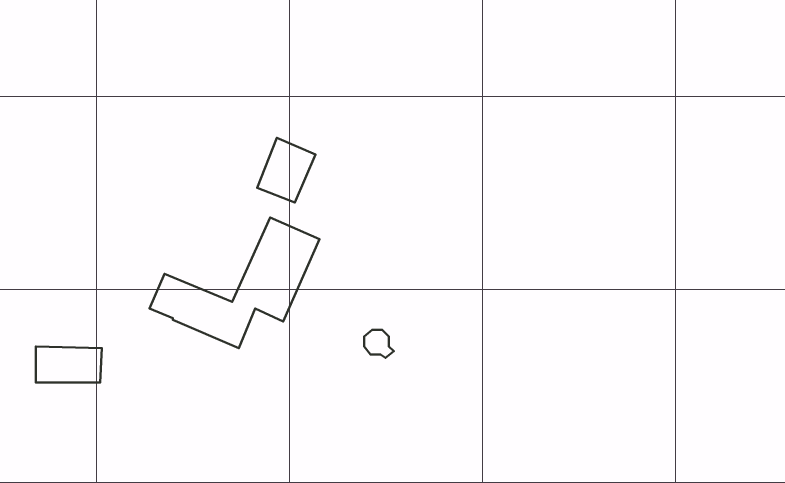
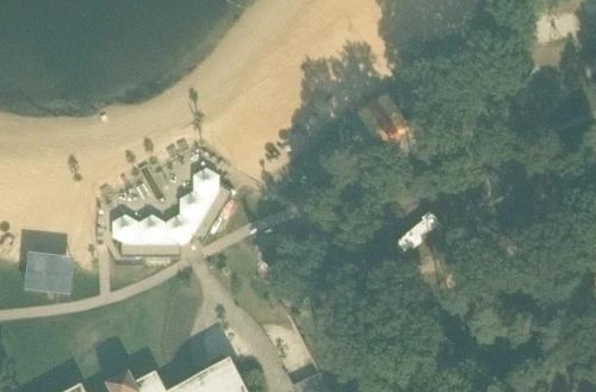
building: [257,138,316,203] -> none

